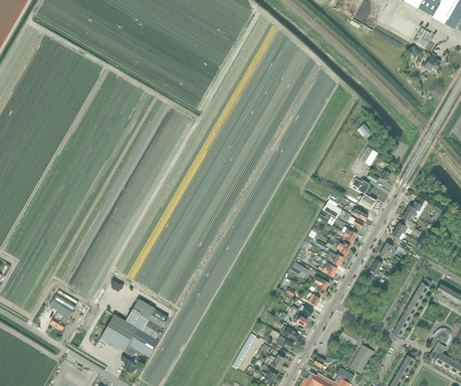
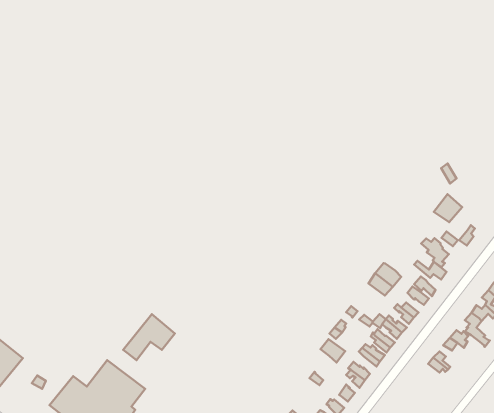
building: none -> [123,314,175,360]

